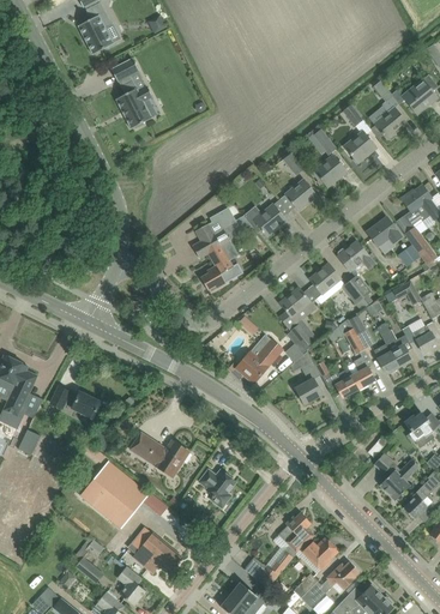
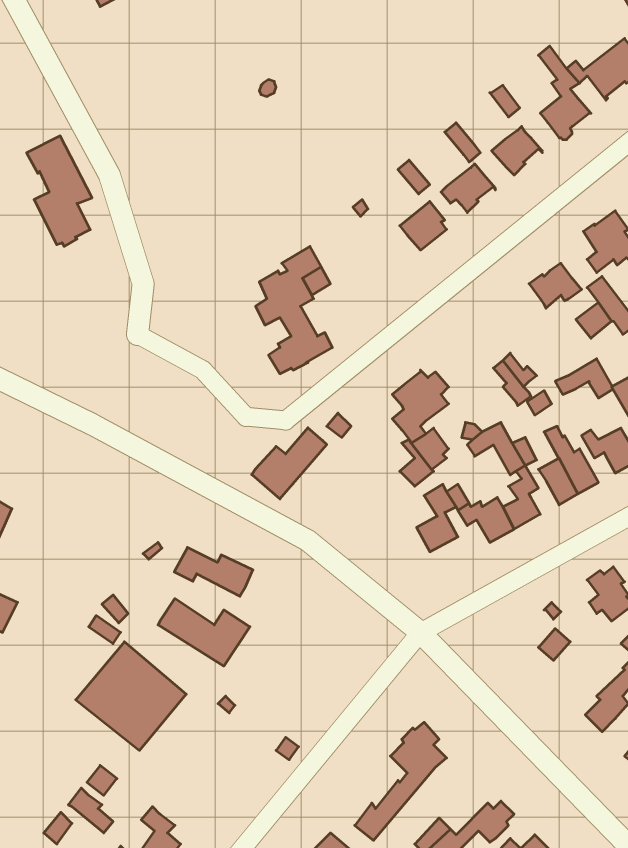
building: [110,58,152,128] -> [27,136,92,246]
building: [243,203,284,235] -> none
building: [337,240,374,271] -> none
building: [307,263,339,297] -> none
building: [234,338,282,384] -> [252,428,327,499]
building: [49,386,100,417] -> [174,547,253,596]
building: [379,459,417,499] -> none
building: [199,469,235,506] -> none
building: [132,531,181,572] -> none
building: [302,537,337,570] -> none

